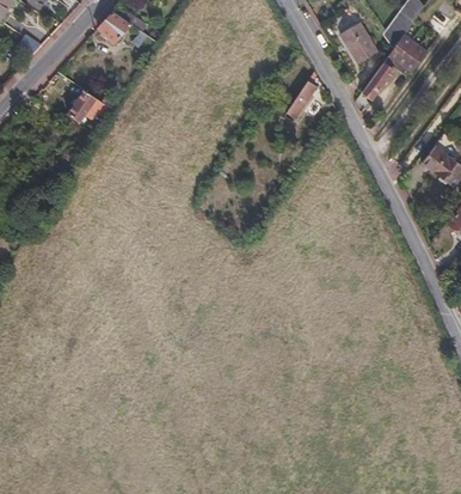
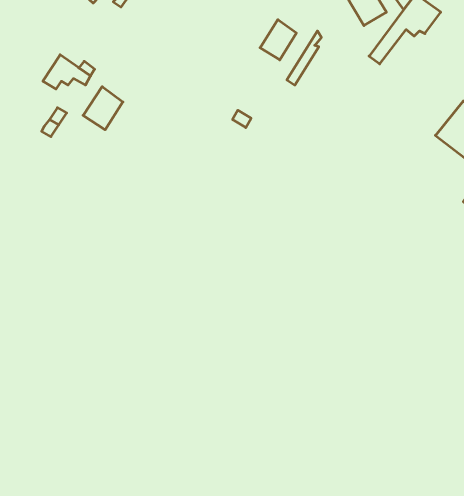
building: none -> [260,20,296,60]
building: none -> [83,87,123,130]

